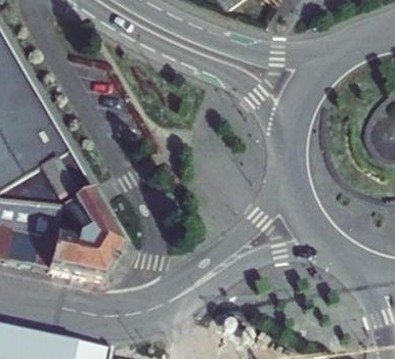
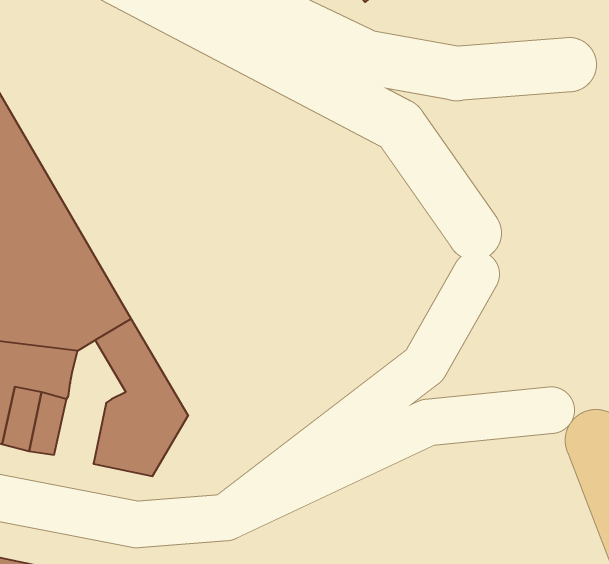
building: [47,223,80,269] -> none

